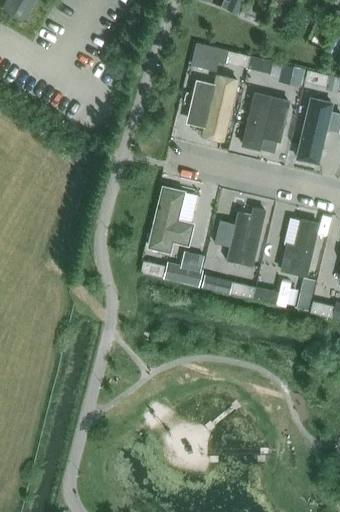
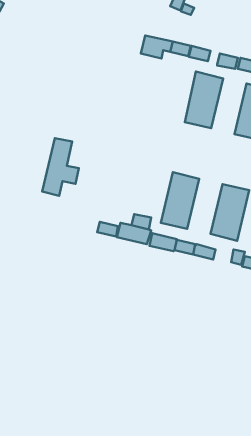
building: [184,72,229,137] -> none
building: [149,191,192,258] -> [42,138,79,196]

